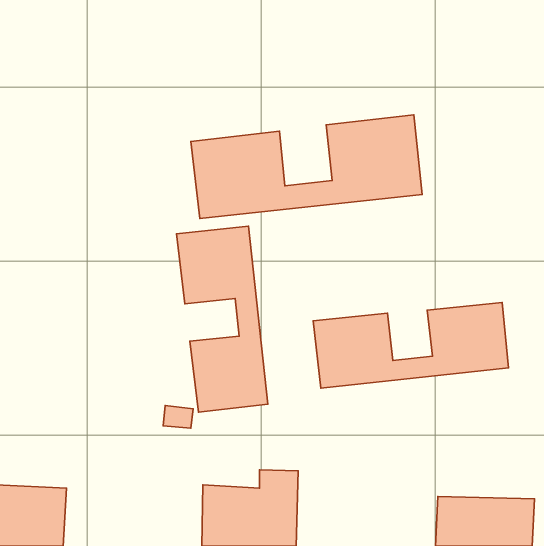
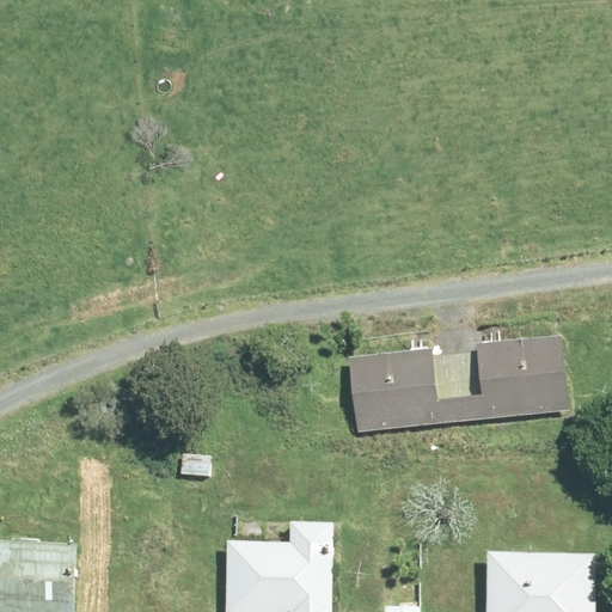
building: [191,115,422,219] -> none
building: [177,226,268,412] -> none

